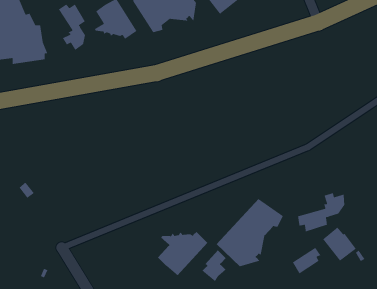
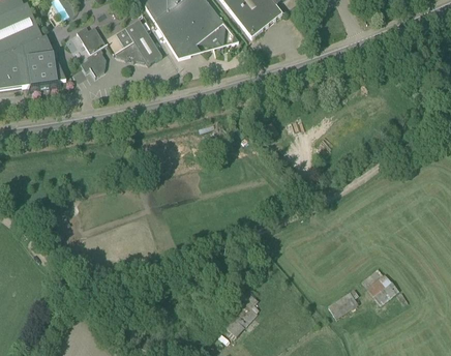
building: [297,192,345,232] -> none
building: [216,198,284,267] -> none
building: [157,231,208,276] -> none

